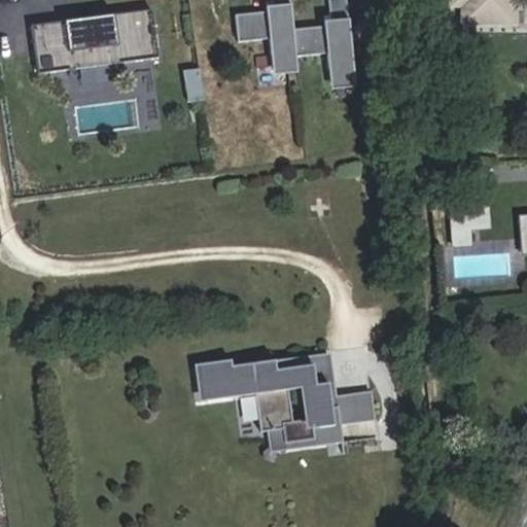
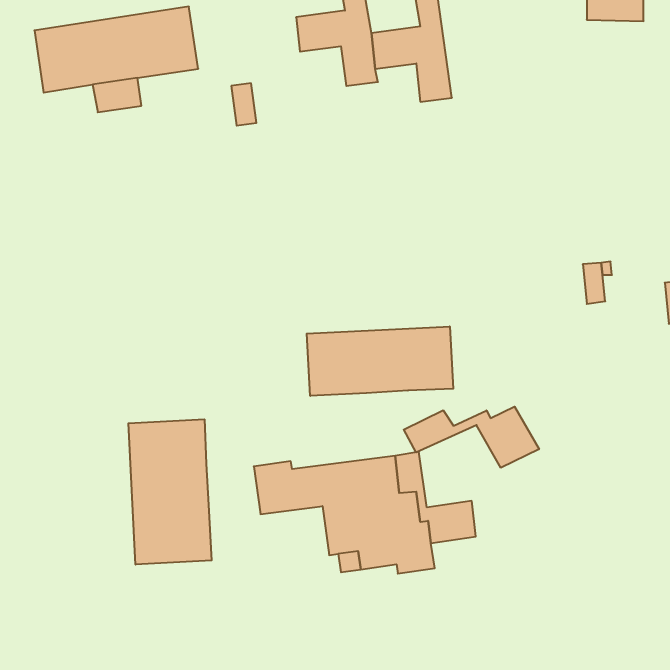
building: none -> [307,326,453,396]
building: none -> [404,407,539,468]
building: none -> [128,419,212,565]

